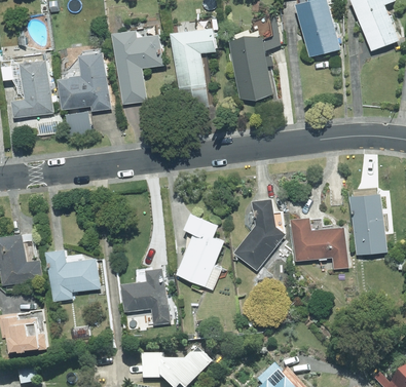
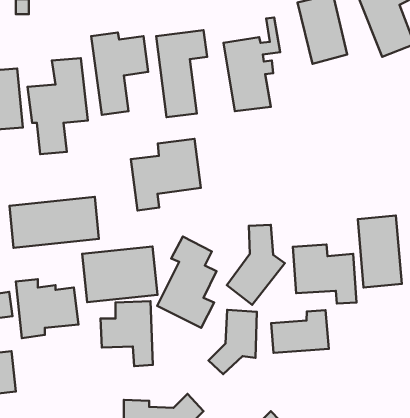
building: none -> [131,139,201,210]
building: none -> [9,197,99,248]
building: none -> [82,247,157,302]
building: none -> [208,310,257,374]
building: none -> [271,310,329,353]

